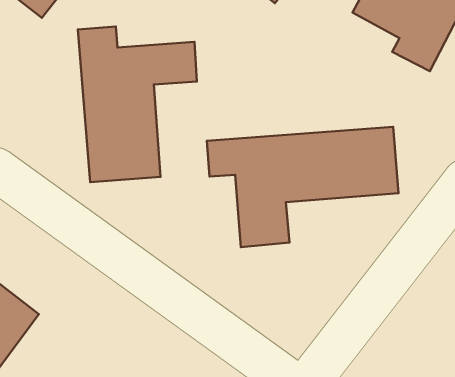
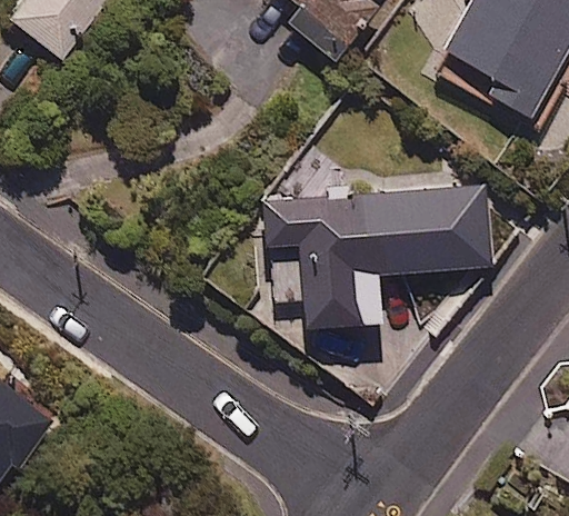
building: [78,27,197,182] -> none

